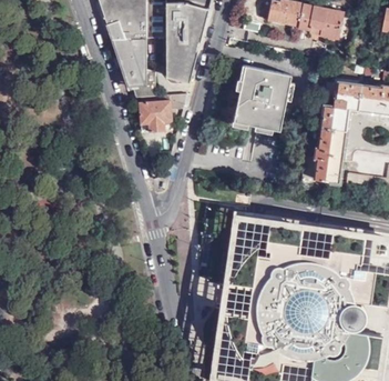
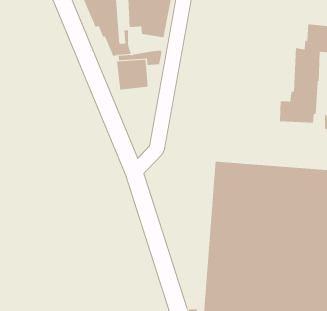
building: [234,64,290,129] -> none

